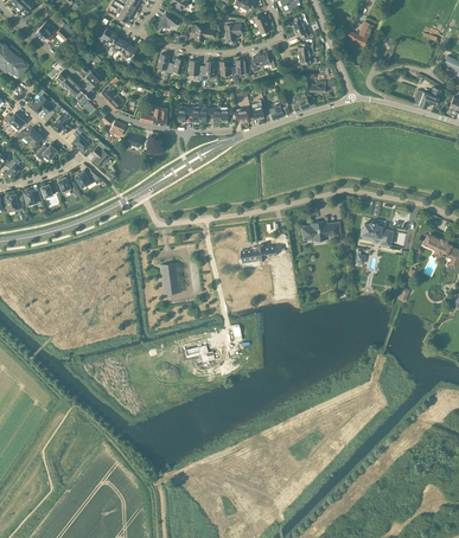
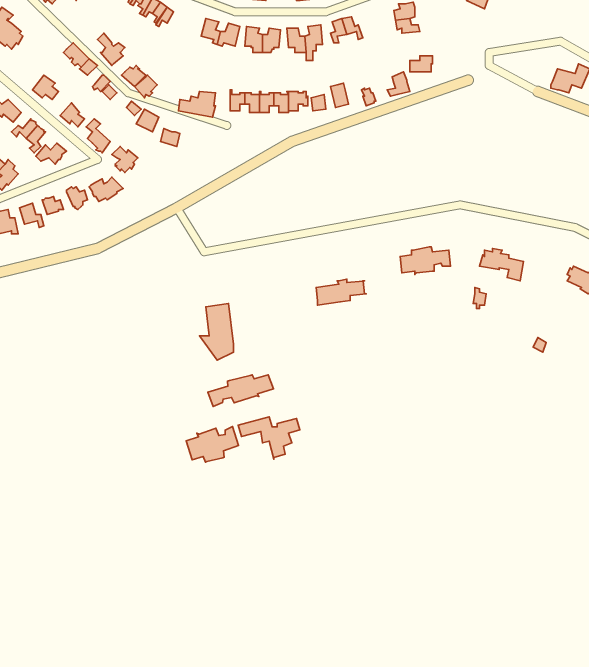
building: none -> [208,375,273,406]
building: none -> [186,426,239,462]

